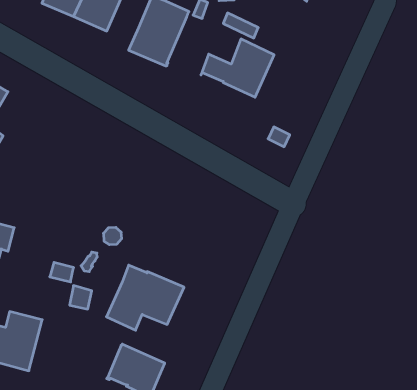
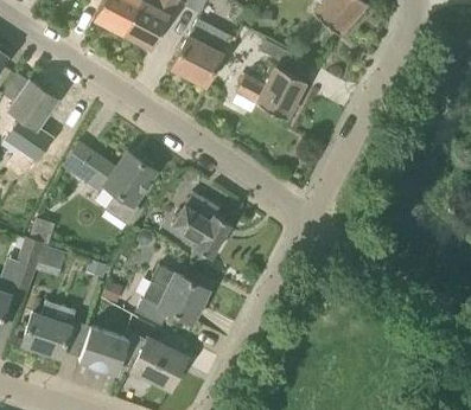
building: none -> [75,150,157,225]
building: none -> [173,201,231,257]
building: none -> [79,326,145,373]

